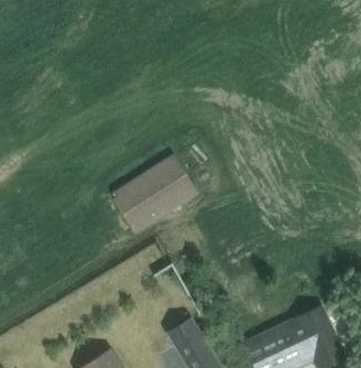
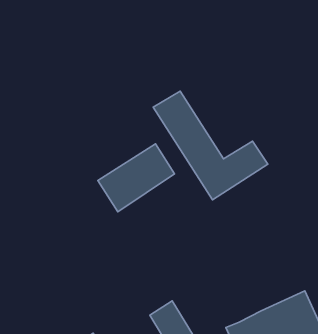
building: none -> [153,91,268,200]

